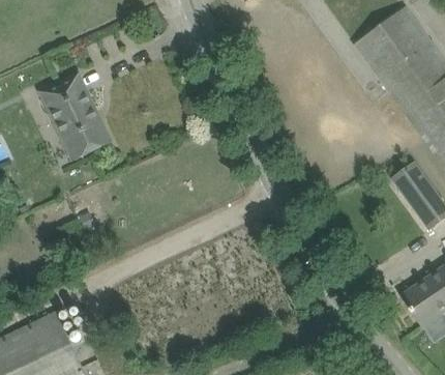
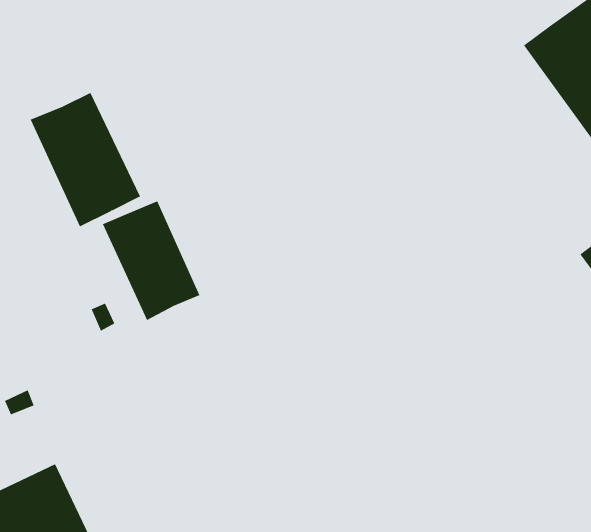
building: none -> [102,200,200,321]

